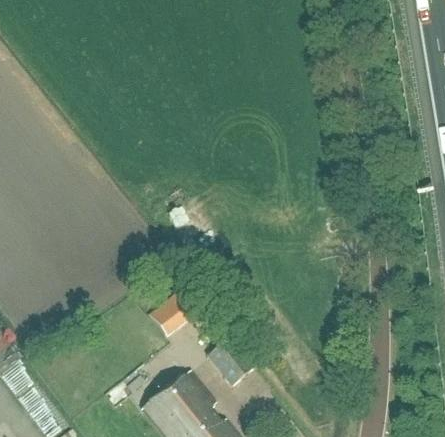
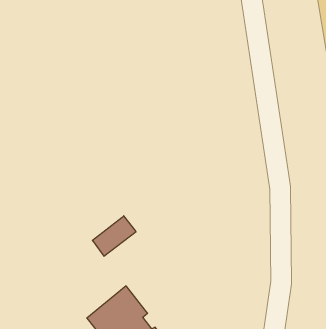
building: [207,336,254,385] -> none

